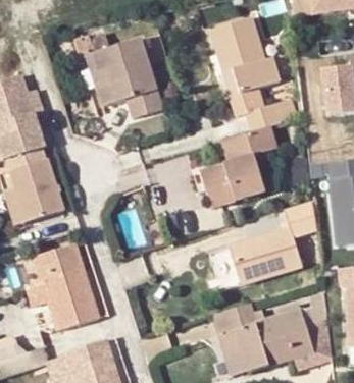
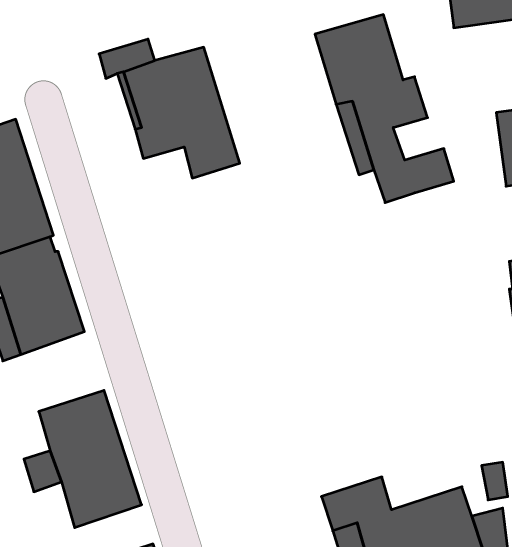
building: [202,123,275,203] -> none
building: [229,200,317,281] -> none

